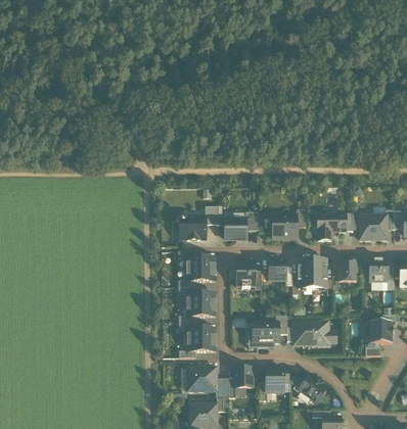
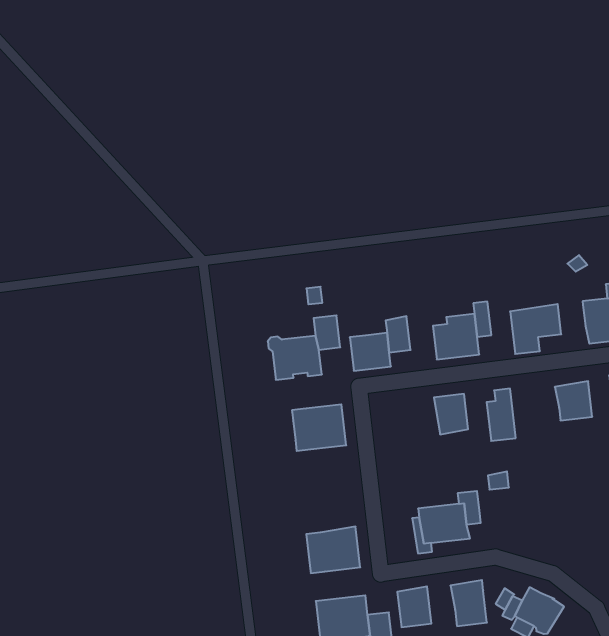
building: [312,259,326,288] -> none
building: [236,261,255,288] -> none
building: [186,293,215,317] -> none
building: [292,322,335,344] -> none

